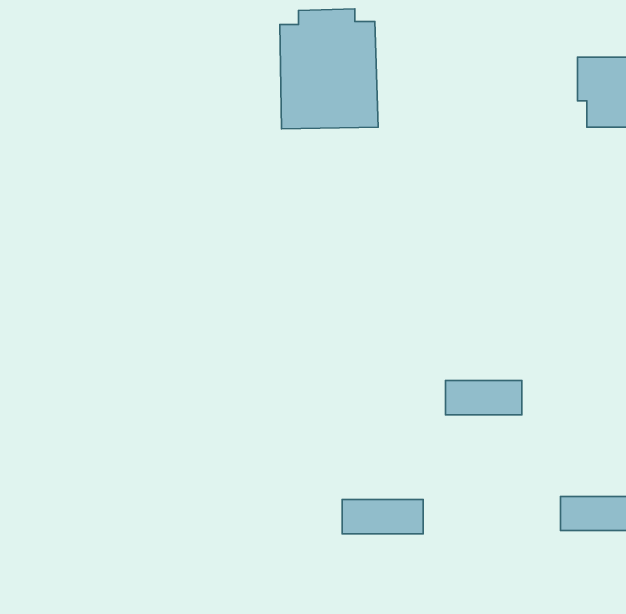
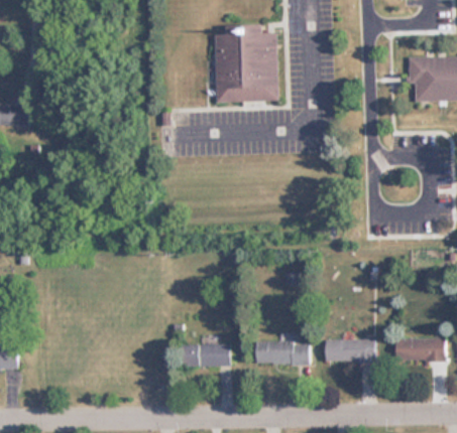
building: [446,380,522,415] -> [325,339,374,362]
building: none -> [184,344,230,366]

